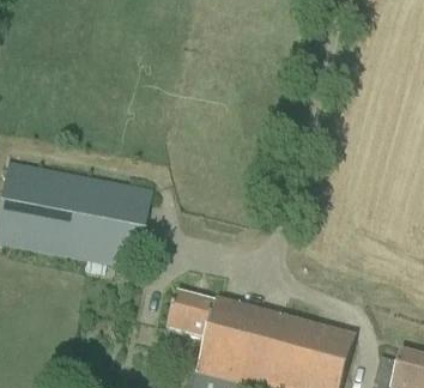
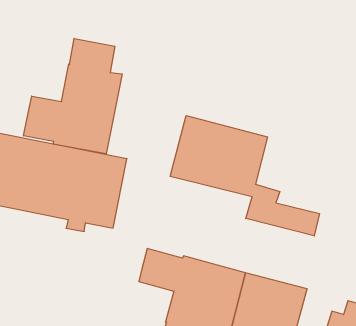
building: none -> [24,38,122,154]
building: none -> [170,116,319,236]

